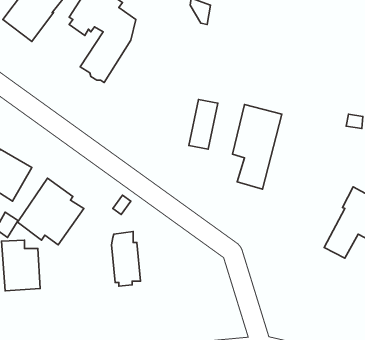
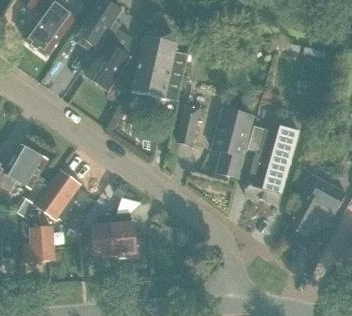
building: none -> [131,27,187,99]
building: none -> [245,125,299,204]
building: none -> [91,214,115,256]

